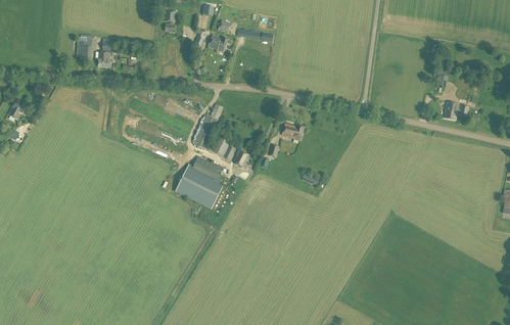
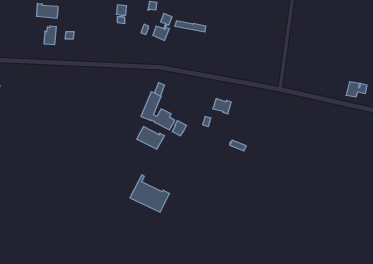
building: none -> [37,3,58,18]
building: [175,164,223,208] -> [130,175,170,212]

